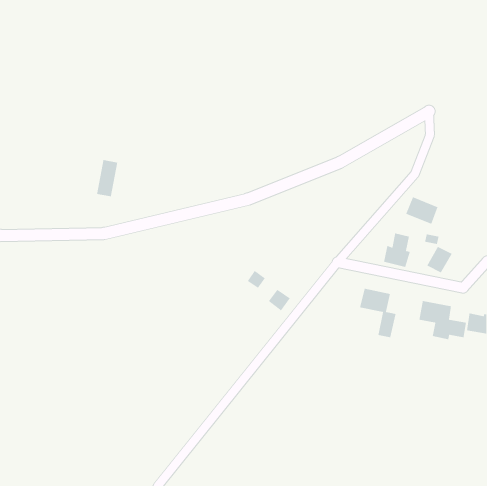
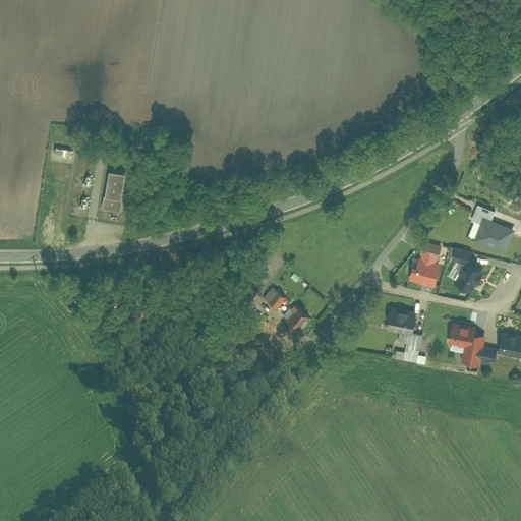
building: [405,196,438,225] -> [476,219,512,249]

